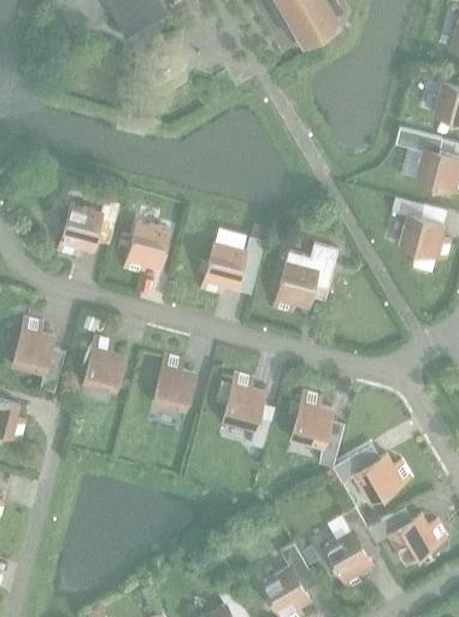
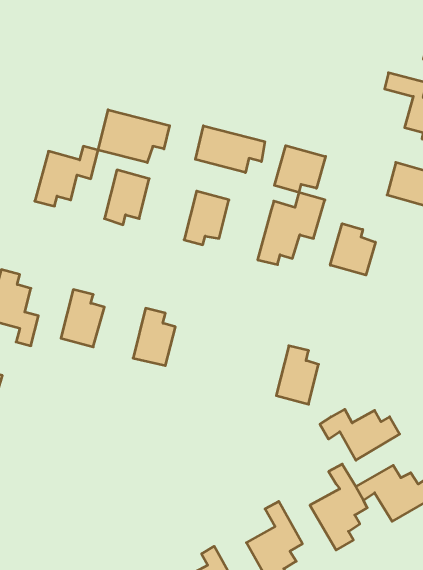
building: none -> [98,110,170,163]
building: none -> [195,126,265,173]
building: none -> [274,146,326,192]
building: none -> [330,224,375,275]
building: [222,375,263,431] -> none

